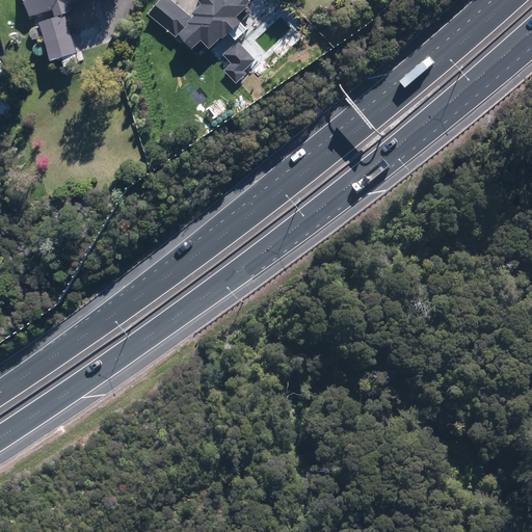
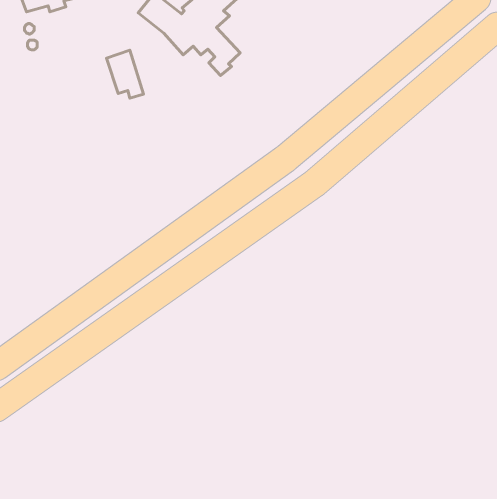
building: [38,11,78,62] -> [106,50,144,98]

